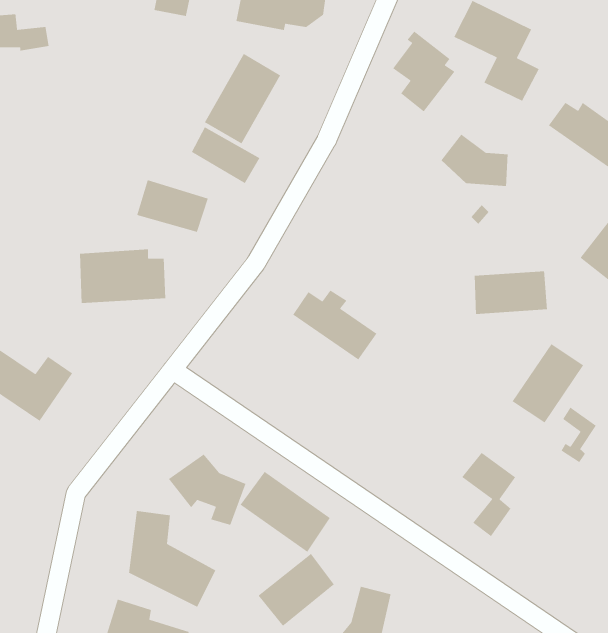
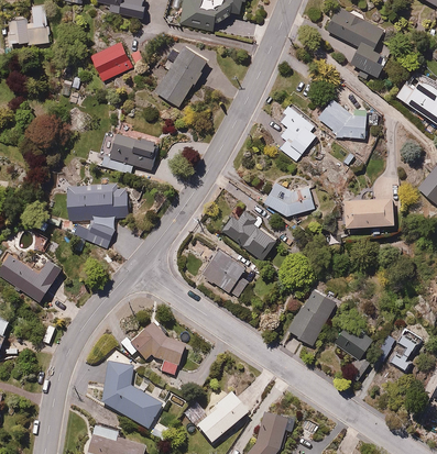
building: [392,31,455,113] -> [272,104,316,162]
building: none -> [88,38,131,81]
building: [191,126,260,184] -> none
building: none -> [264,182,314,217]
building: none -> [86,218,114,247]
building: [512,343,584,423] -> [286,289,337,345]
building: none -> [199,246,248,298]
building: [561,407,597,463] -> [392,330,417,369]
building: [240,471,331,553] -> none

